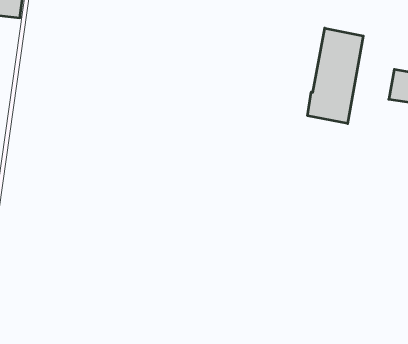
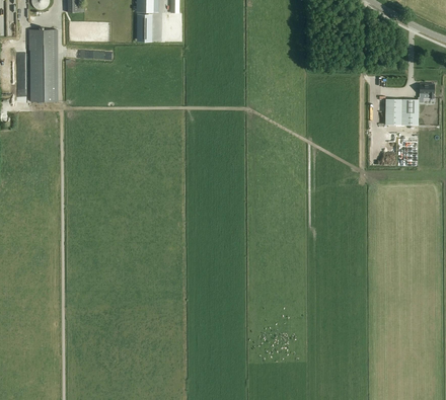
building: [308,28,363,124] -> none

